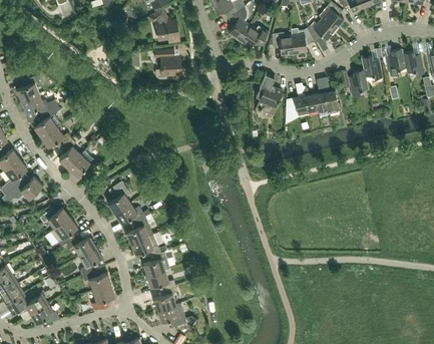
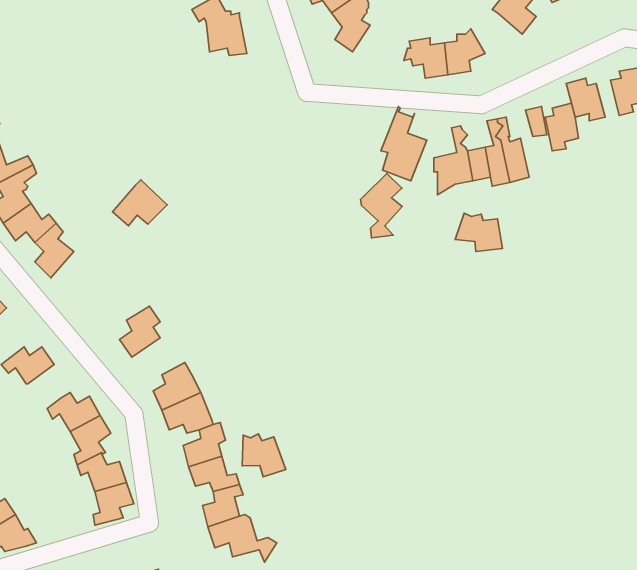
building: [307,18,336,41] -> none
building: [240,25,268,50] -> none
building: [154,49,181,78] -> none
building: none -> [361,174,402,238]
building: none -> [455,213,503,252]
building: [68,150,99,177] -> [113,180,167,226]
building: [114,203,144,224] -> none
building: [50,218,77,247] -> none
building: none -> [242,434,286,477]

